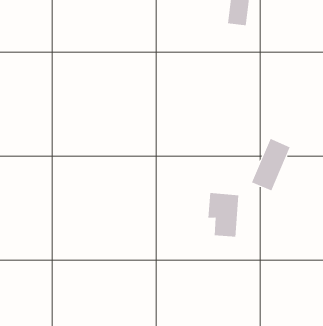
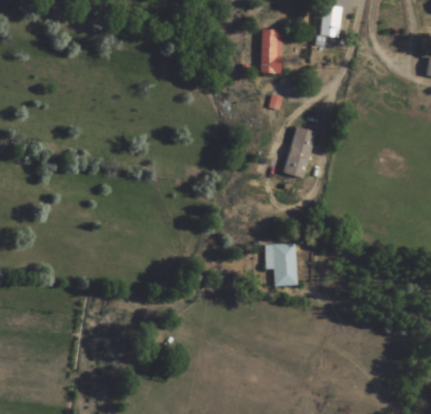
building: [251,138,291,191] -> [282,126,317,179]

